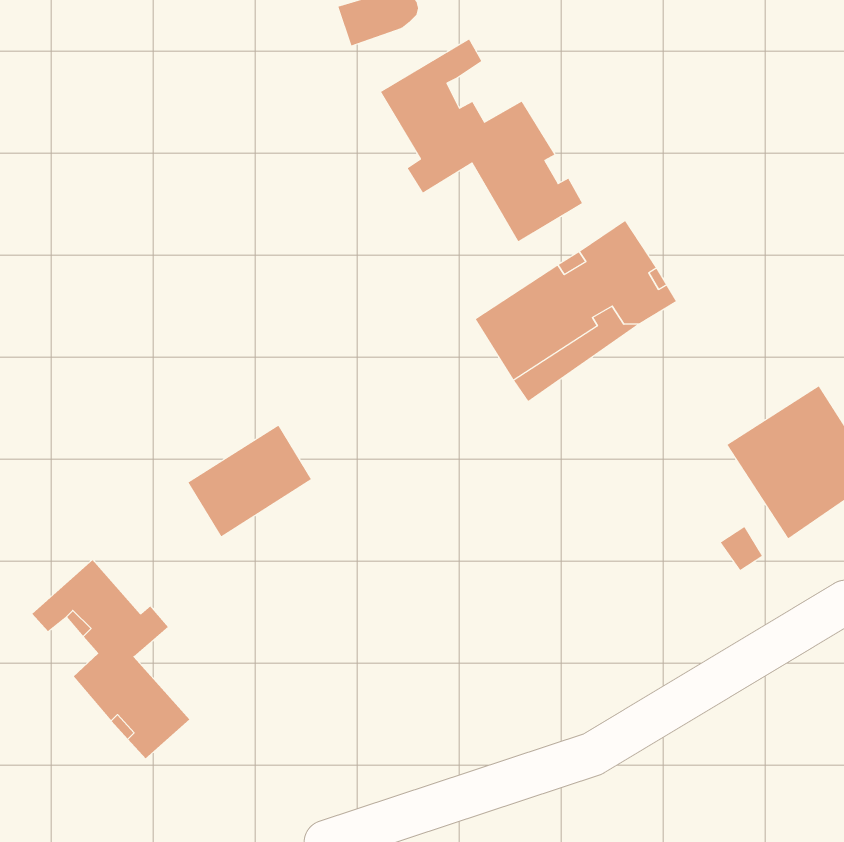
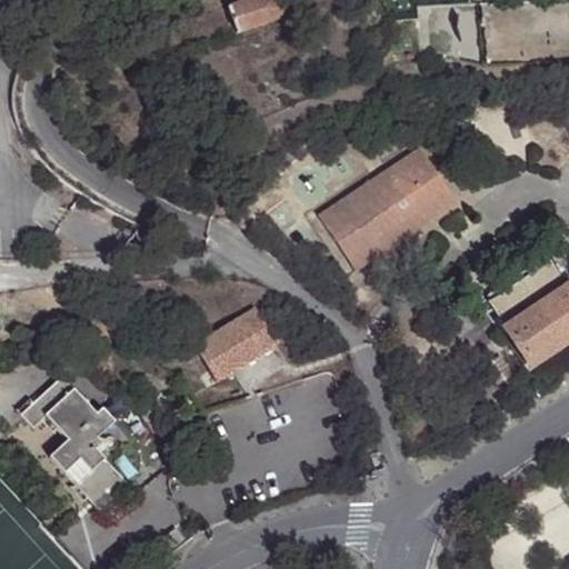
building: none -> [422,6,481,51]
building: [380,38,583,242] -> none
building: [188,425,312,537] -> [194,306,278,381]

